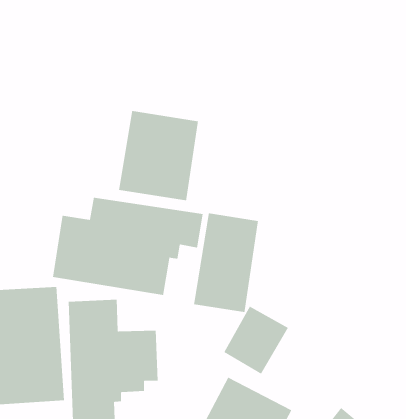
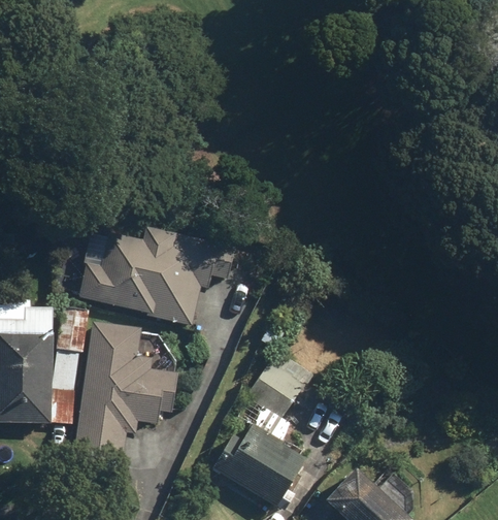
building: [118,110,199,201] -> none
building: [193,212,259,313] -> none

